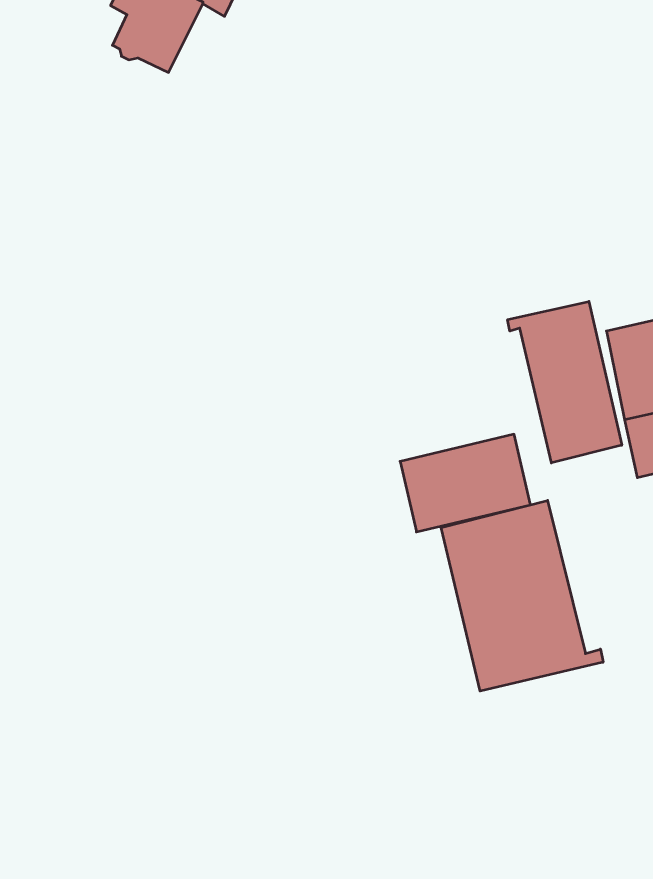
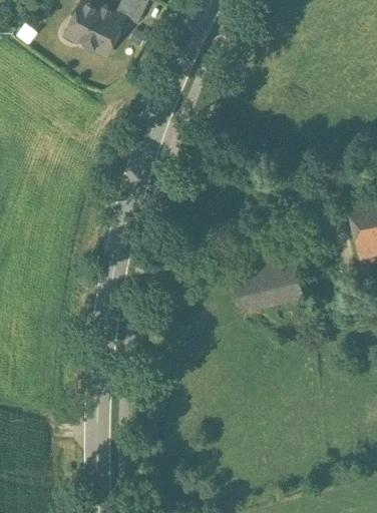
building: [508,301,622,463] -> none
building: [441,500,603,691] -> none

